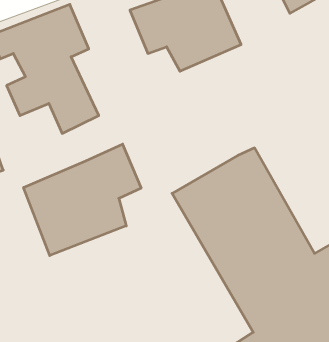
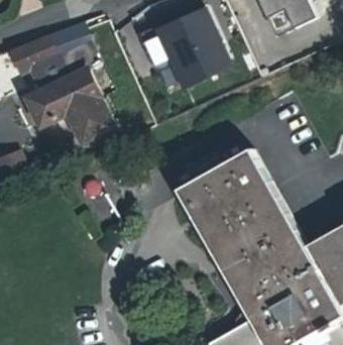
building: [24,144,141,256] -> none

